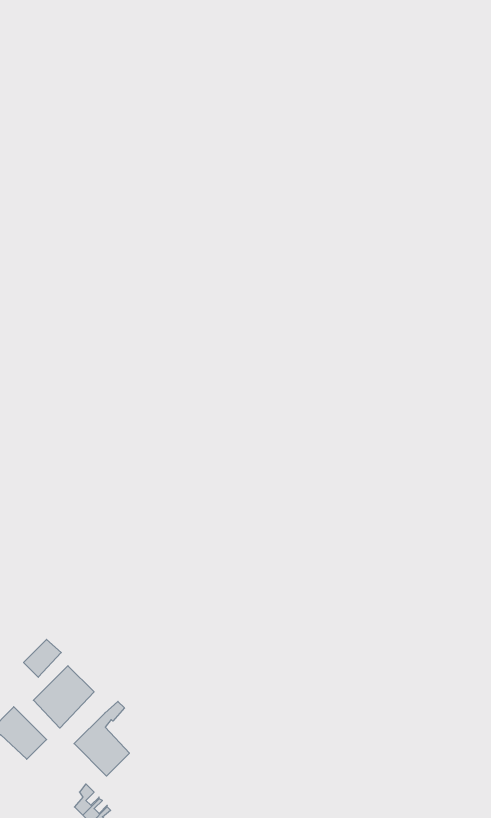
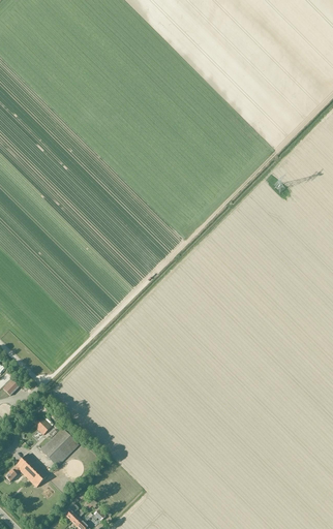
building: [74,701,129,776] -> none

